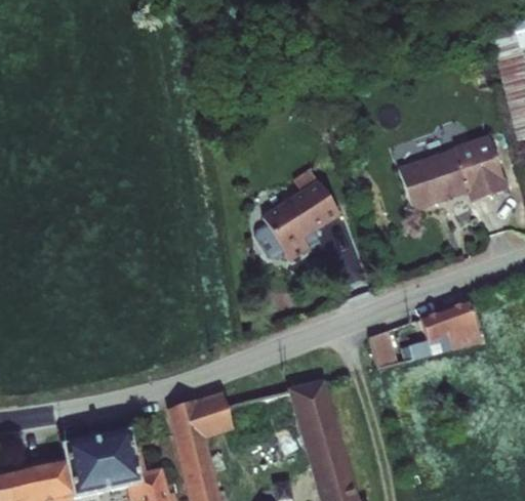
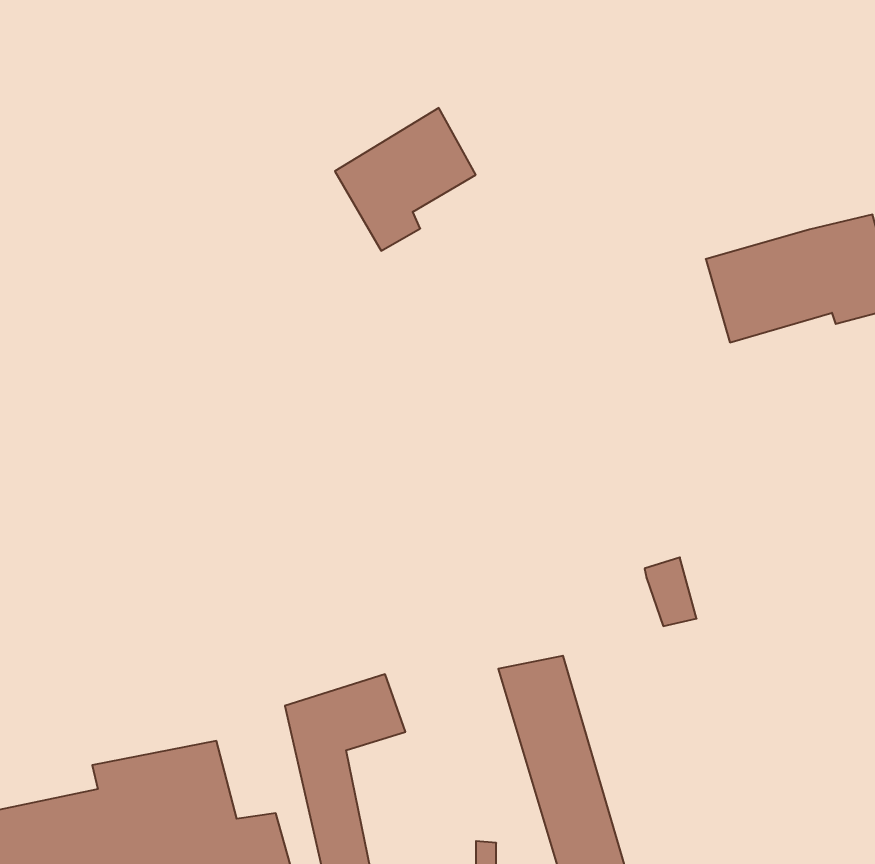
building: [260,172,338,251] -> [335,108,476,251]
building: [410,301,483,360] -> none

